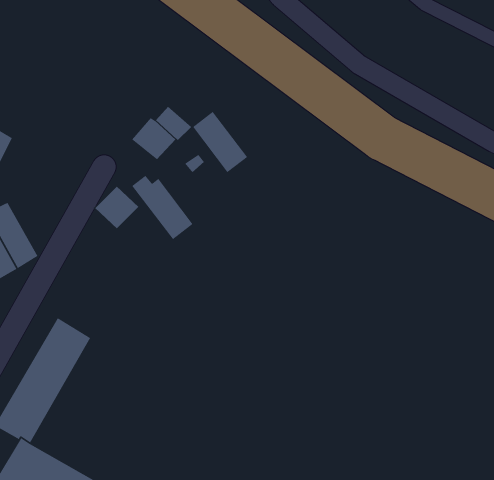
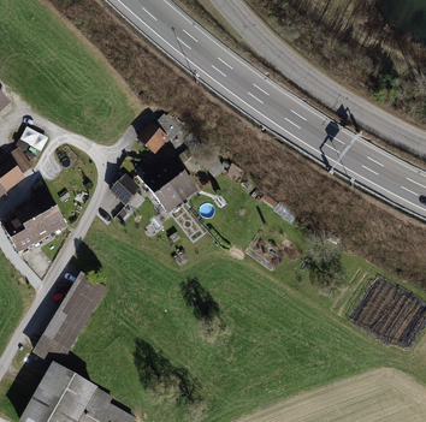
building: [192,111,248,173] -> [156,156,199,203]

